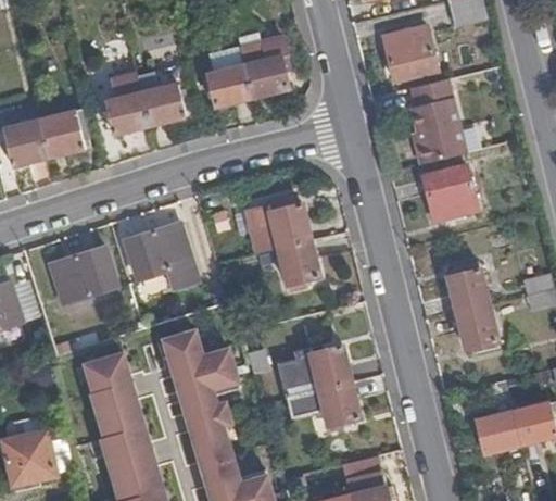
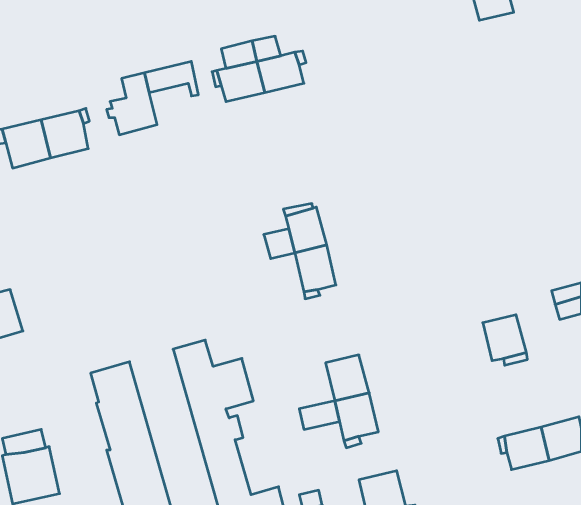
building: [383,26,437,80] -> none
building: [409,79,467,167] -> none
building: [141,87,186,126] -> none
building: [424,168,478,222] -> none
building: [127,224,198,288] -> none
building: [51,249,118,304] -> none
building: [446,261,489,314] -> none
building: [276,343,321,396] -> none

